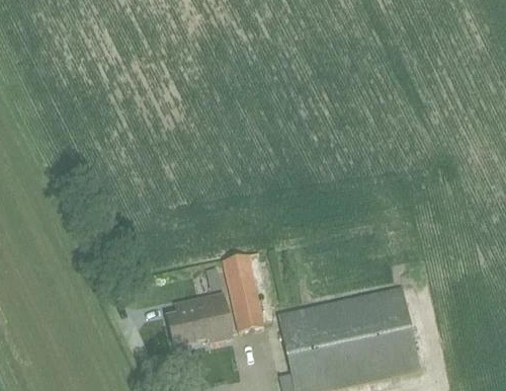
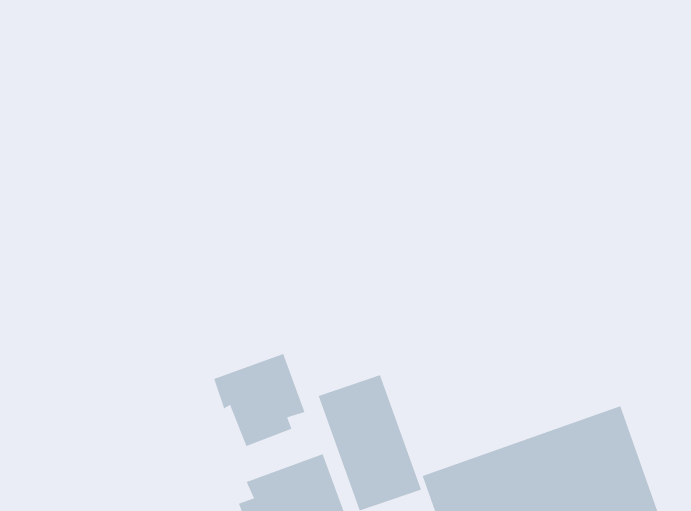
building: none -> [214,353,305,447]

